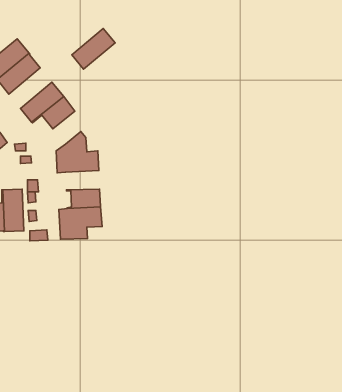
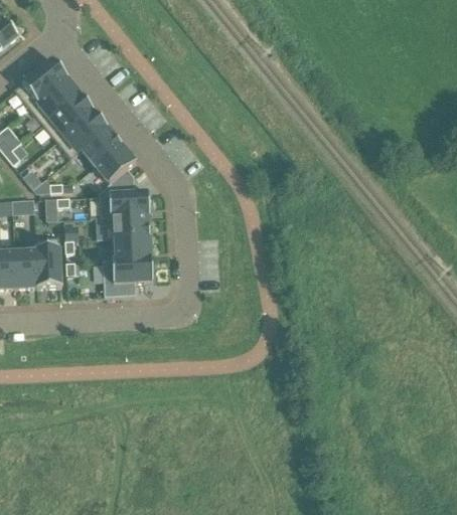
building: [72,28,115,69] -> [42,92,94,140]
building: none -> [95,143,136,182]
building: none -> [110,213,150,236]

